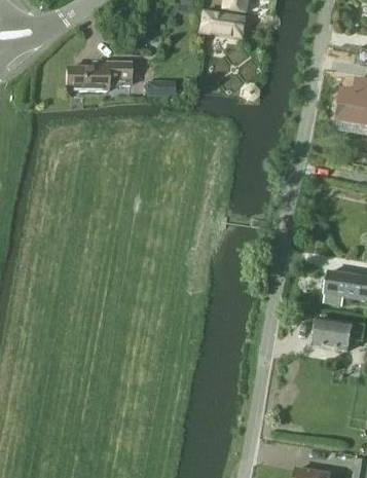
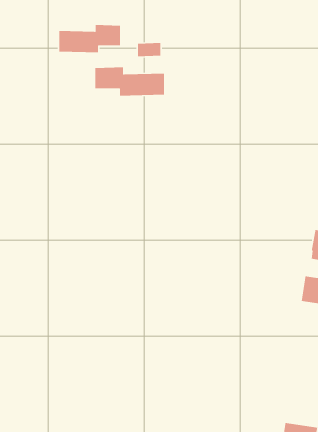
building: none -> [94,67,165,96]

